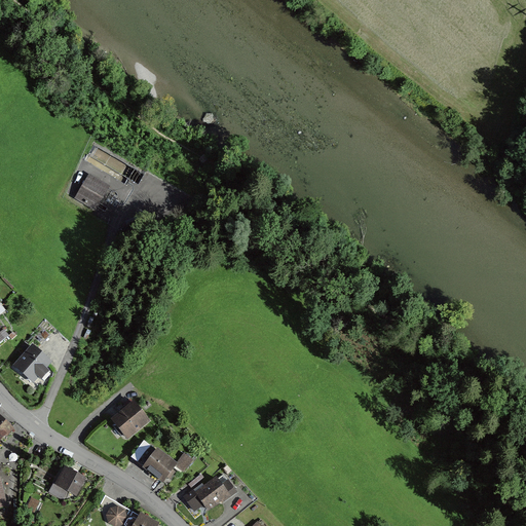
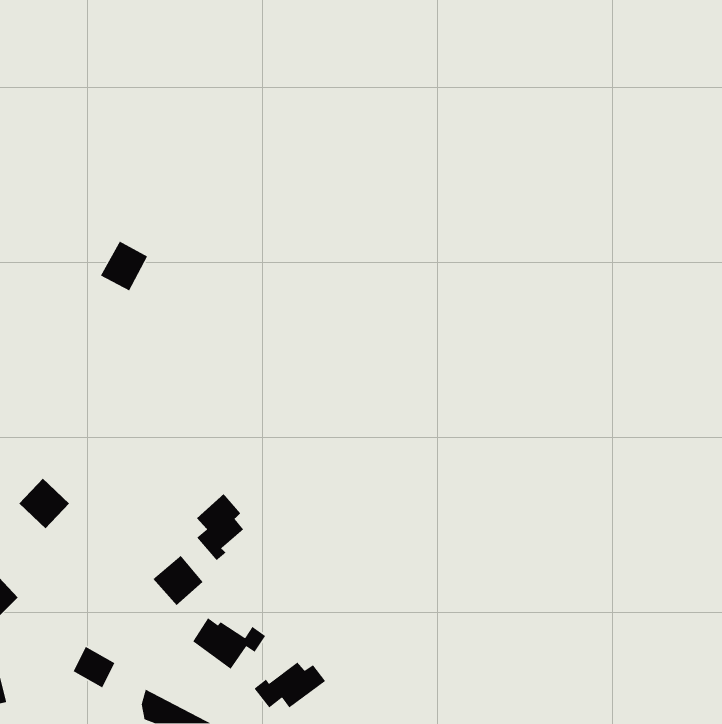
building: none -> [196,493,244,561]

